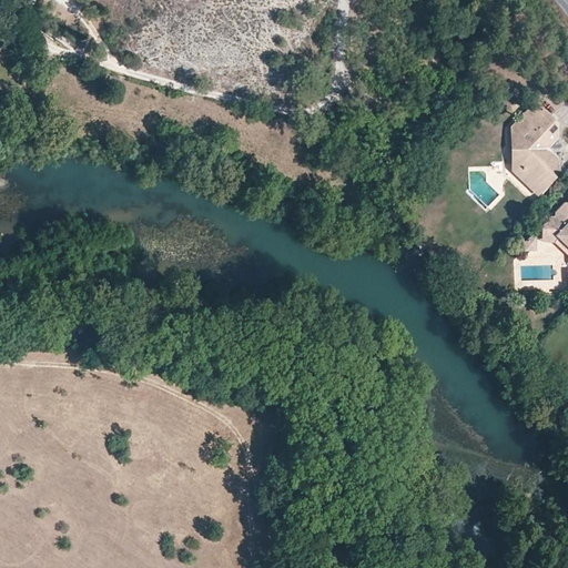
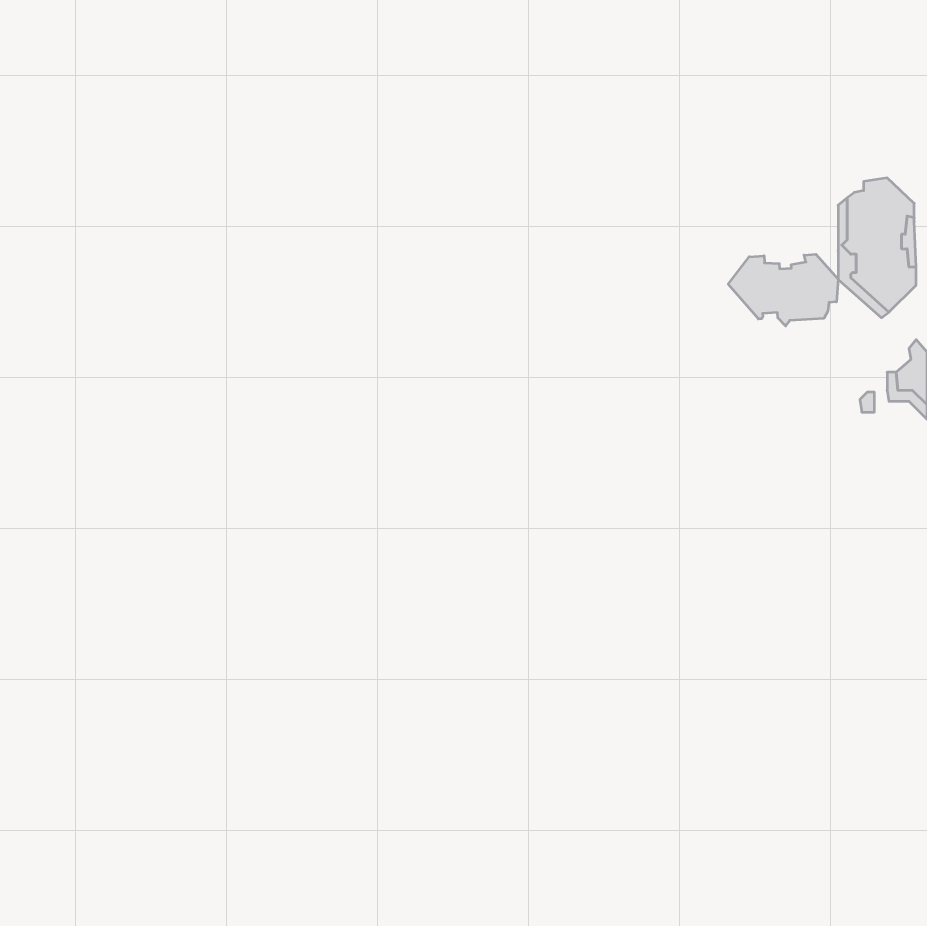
building: none -> [728,254,838,326]

